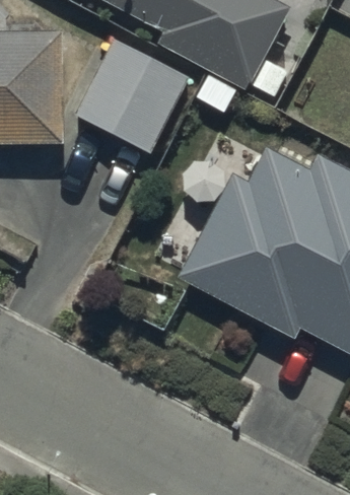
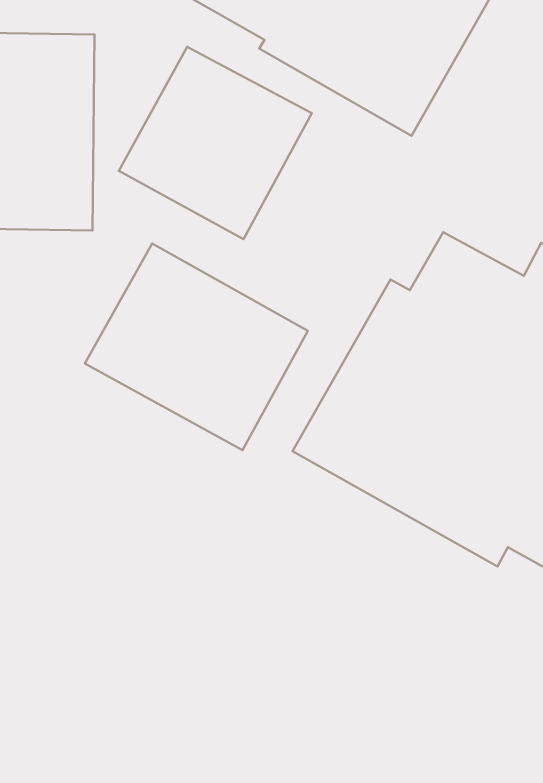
building: none -> [85,244,308,450]

